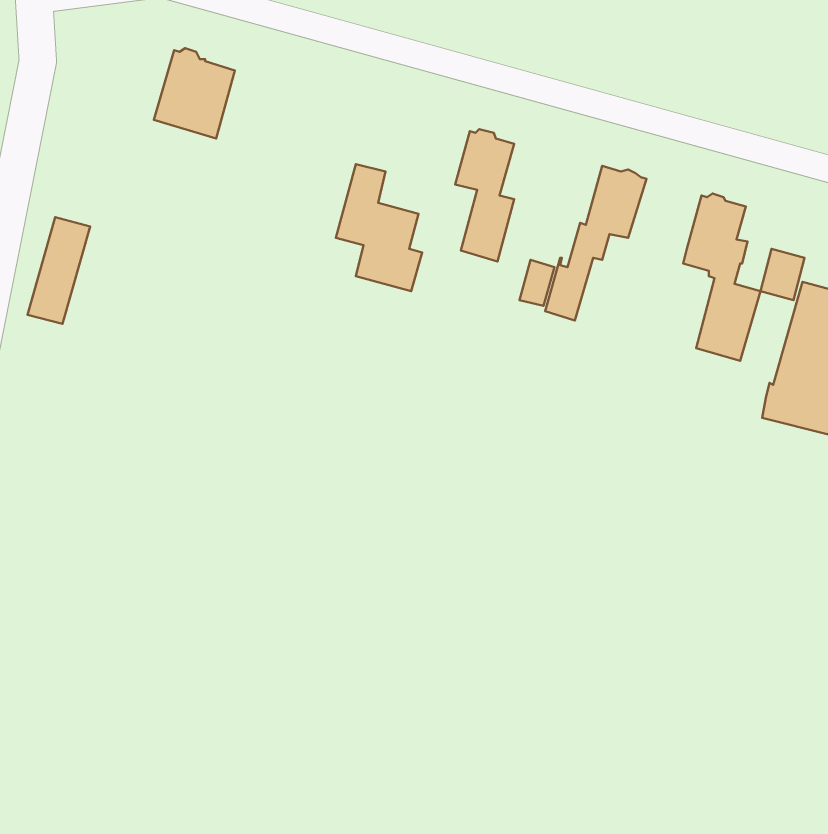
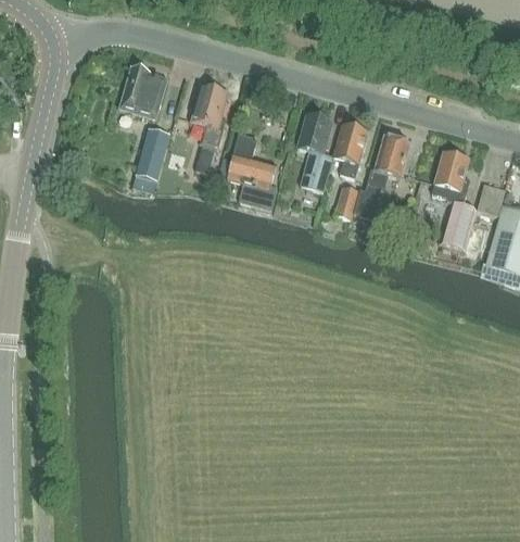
building: none -> [190,83,228,171]
building: none -> [333,122,367,176]
building: [28,217,90,324] -> [132,127,169,190]

